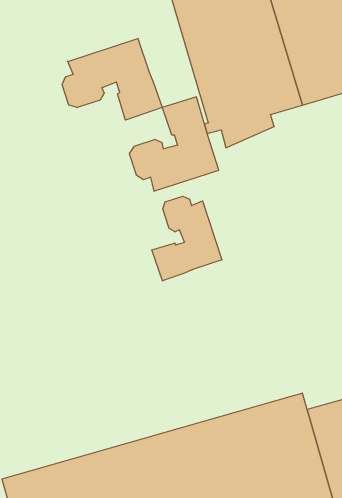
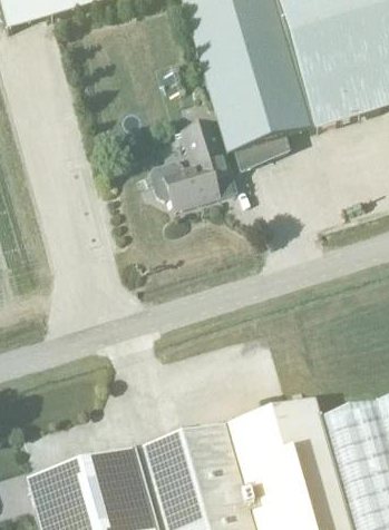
building: [62,38,162,120] -> none
building: [152,196,222,281] -> none

